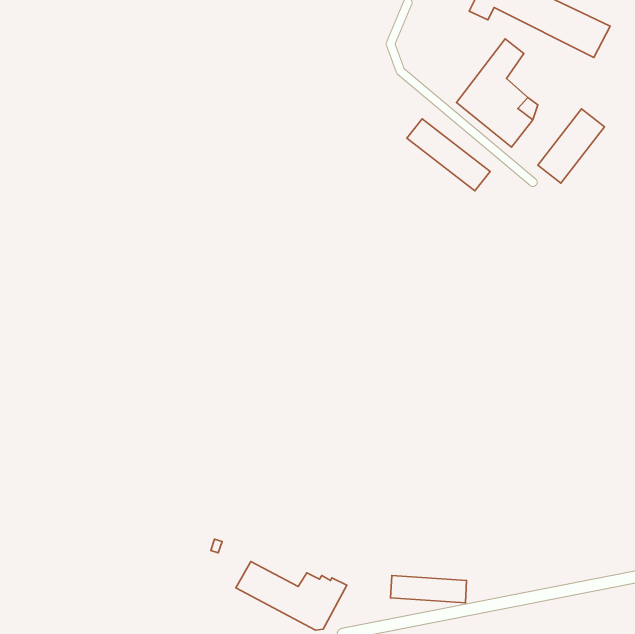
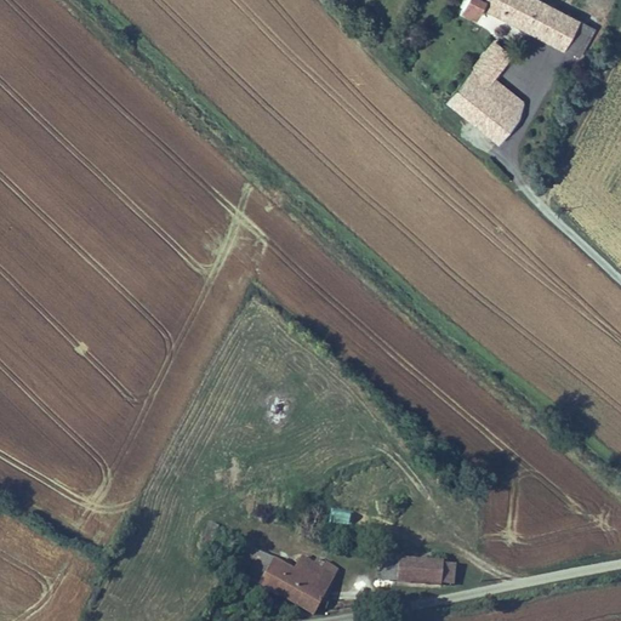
building: [538,109,604,183] -> none
building: [407,119,490,191] -> none

